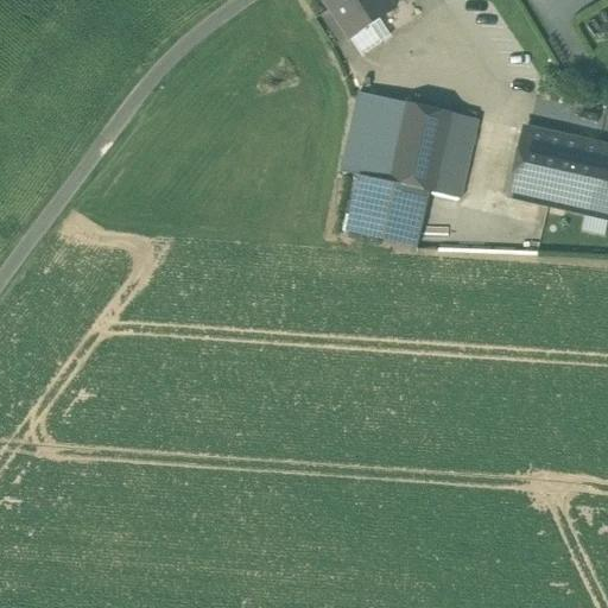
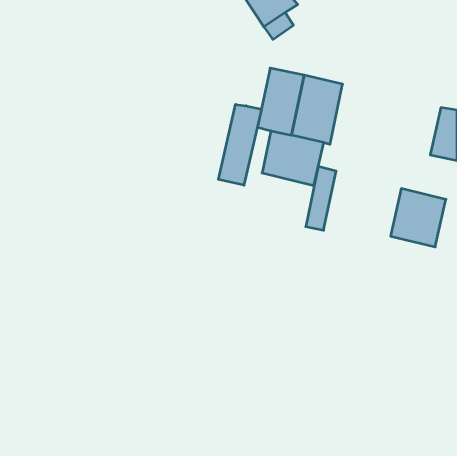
building: [438,112,479,196] -> [306,167,336,230]
building: [512,128,585,205] -> [391,189,446,247]
building: none -> [218,104,261,185]

